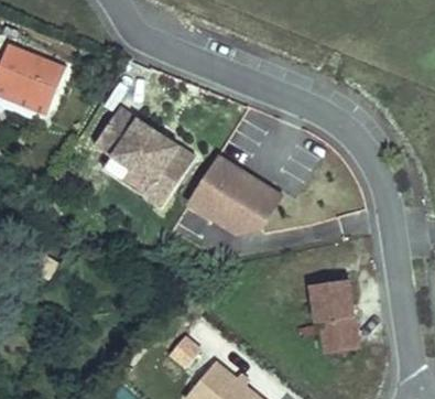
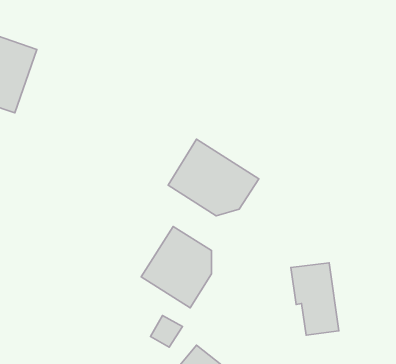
building: [95,104,196,206] -> none
building: none -> [141,227,211,308]

